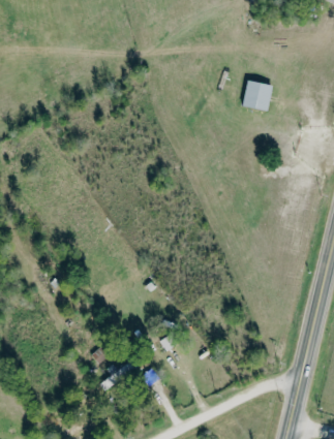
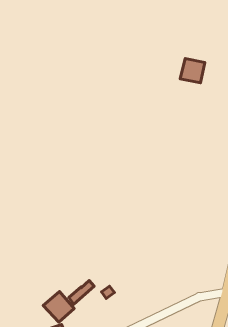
building: none -> [43,291,74,322]

